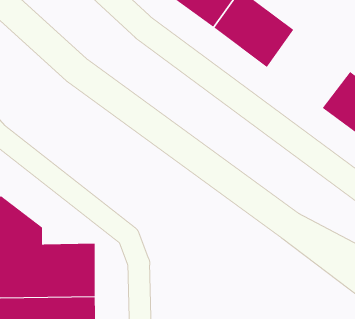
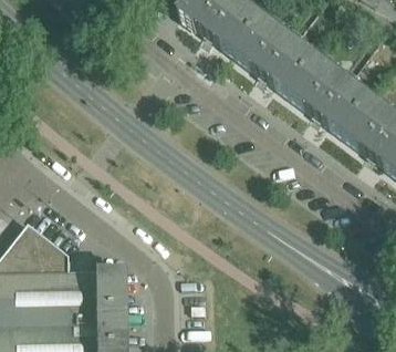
building: none -> [294,59,376,136]

